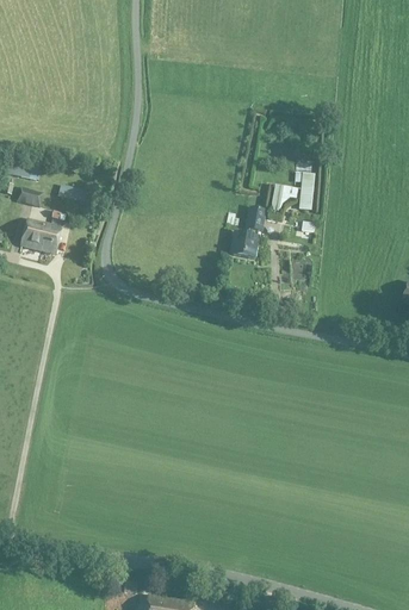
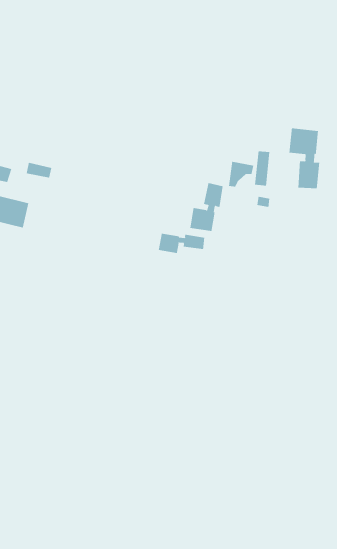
building: none -> [289,127,320,189]
building: none -> [158,233,205,254]

